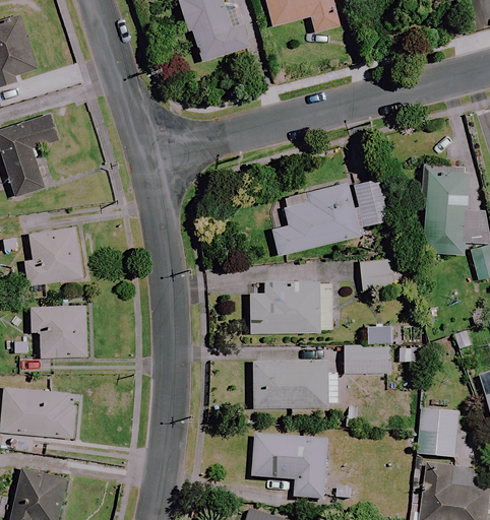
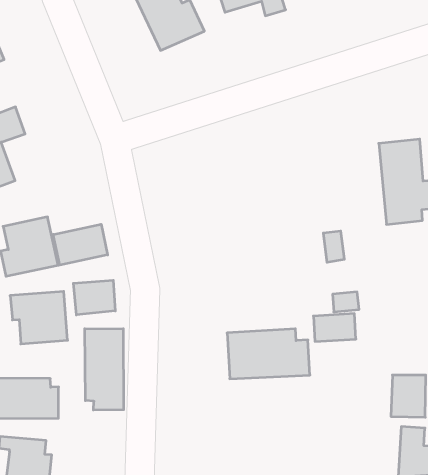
building: [272,177,381,255] -> none
building: none -> [53,224,108,265]
building: [250,277,333,332] -> none
building: none -> [73,280,115,315]
building: none -> [85,329,124,410]
building: [254,434,330,500] -> none

